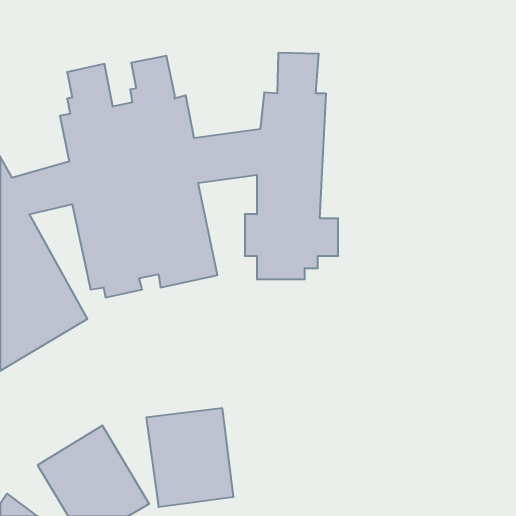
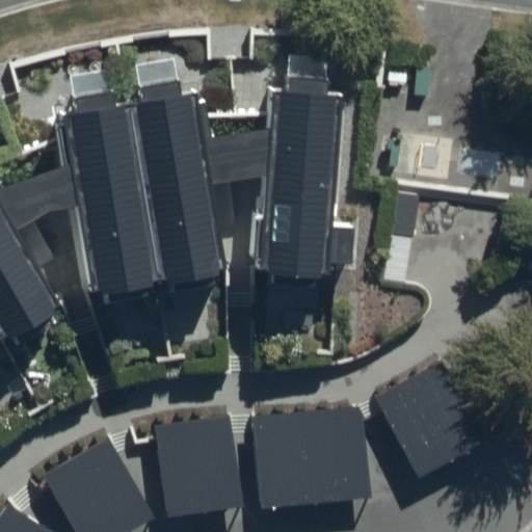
building: none -> [374,362,484,480]
building: none -> [251,410,369,505]

